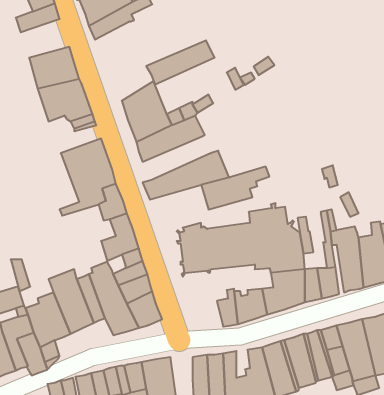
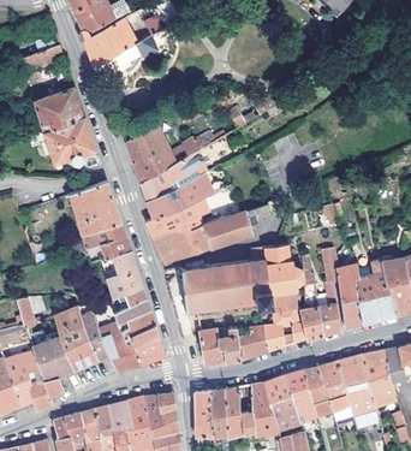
building: [146,40,215,84] -> [147,176,214,219]
building: none -> [154,224,212,261]
building: none -> [201,328,226,366]

